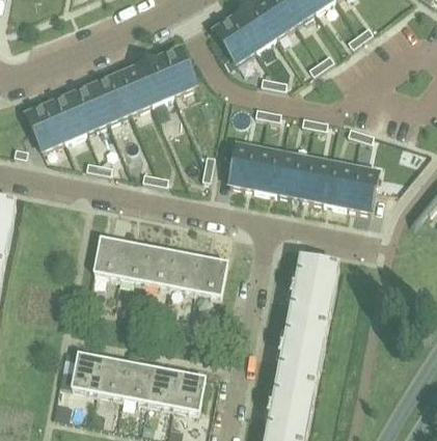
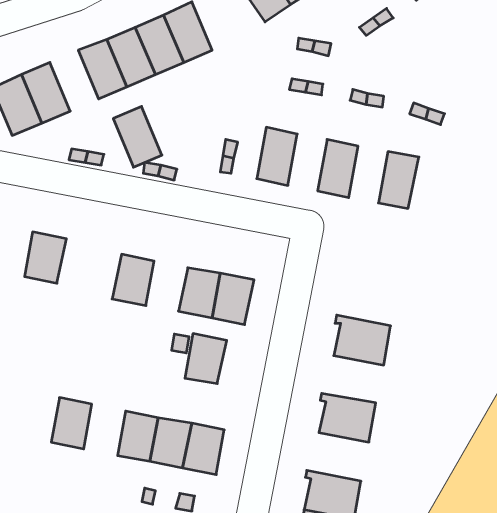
building: [71,84,108,131] -> [113,106,162,167]
building: [253,148,283,192] -> none
building: [300,158,330,201] -> none
building: [346,166,378,211] -> none
building: [93,236,126,275] -> [25,232,66,283]
building: [144,246,176,284] -> [185,334,227,384]
building: [291,258,338,296] -> none
building: [279,319,327,355] -> none
building: [97,356,129,395] -> none
building: [268,378,316,415] -> none

